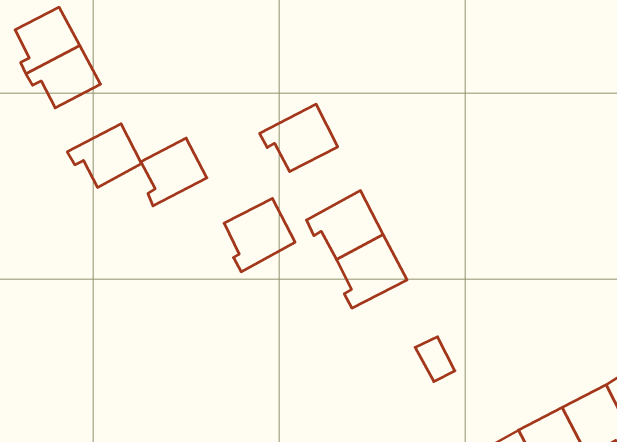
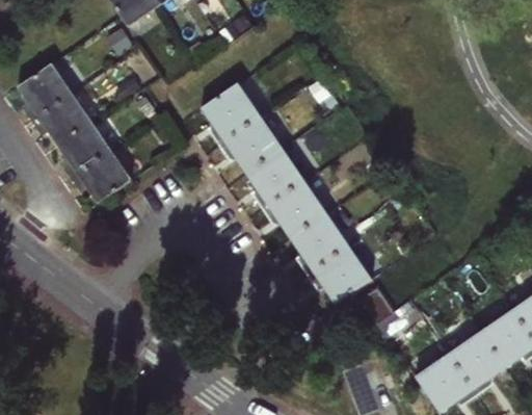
building: none -> [202,82,261,145]
building: [141,138,207,206] -> [57,121,110,177]
building: [224,198,295,272] -> [246,148,303,208]
building: none -> [308,245,371,302]

